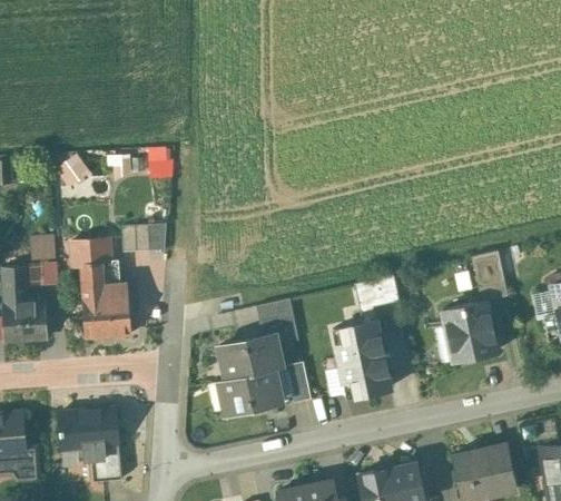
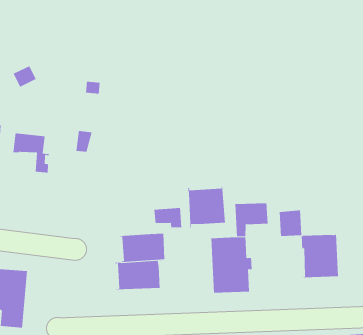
building: [122,226,149,253] -> none
building: [471,250,504,287] -> [279,210,302,237]
building: [81,262,130,337] -> none
building: none -> [188,185,226,231]
building: [273,362,311,403] -> none

